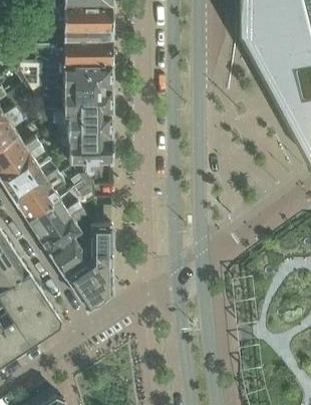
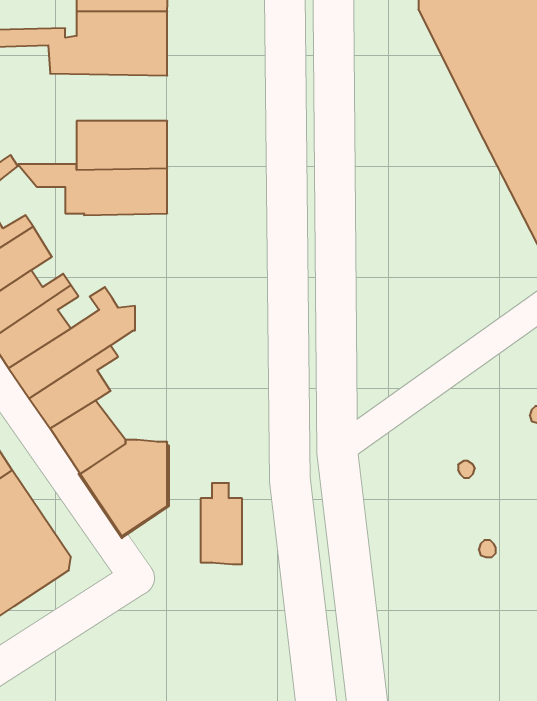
building: [38,61,110,86] -> none
building: [56,136,110,161] -> none
building: [88,214,110,257] -> [201,483,242,564]

